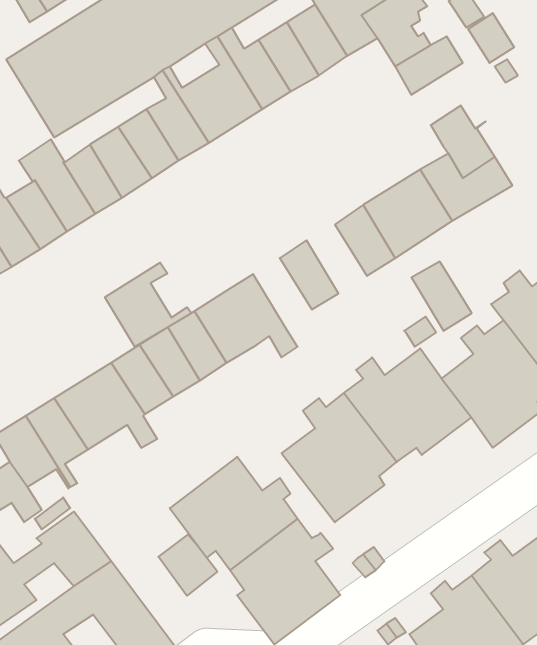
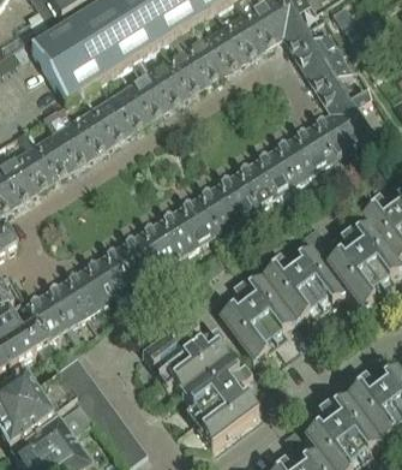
building: none -> [306,49,365,94]
building: none -> [199,182,239,228]
building: [411,262,472,331] -> [235,159,276,206]
building: [105,263,191,347] -> none
building: [158,534,217,596] -> none

